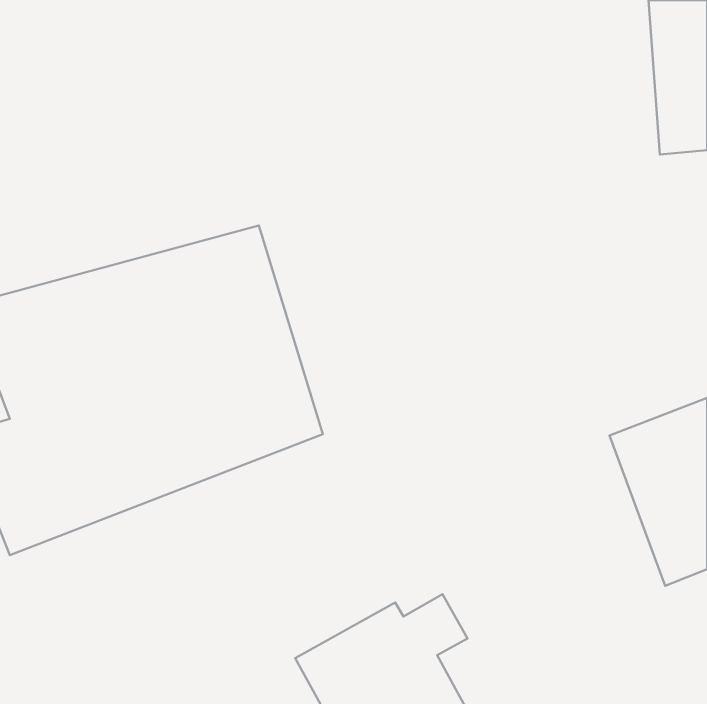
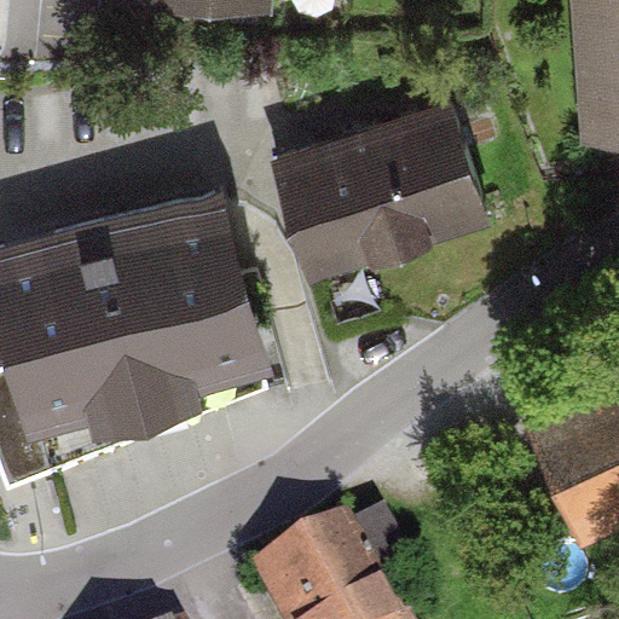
building: none -> [272,97,492,273]

